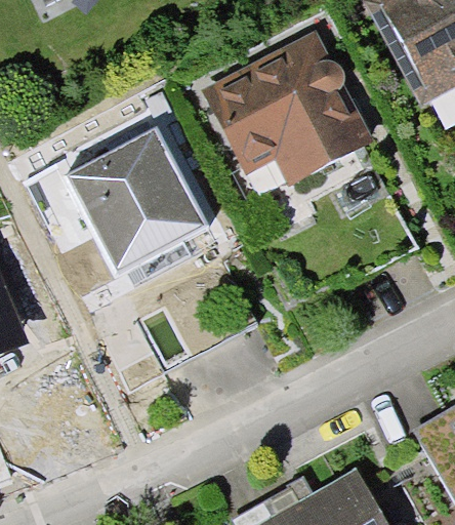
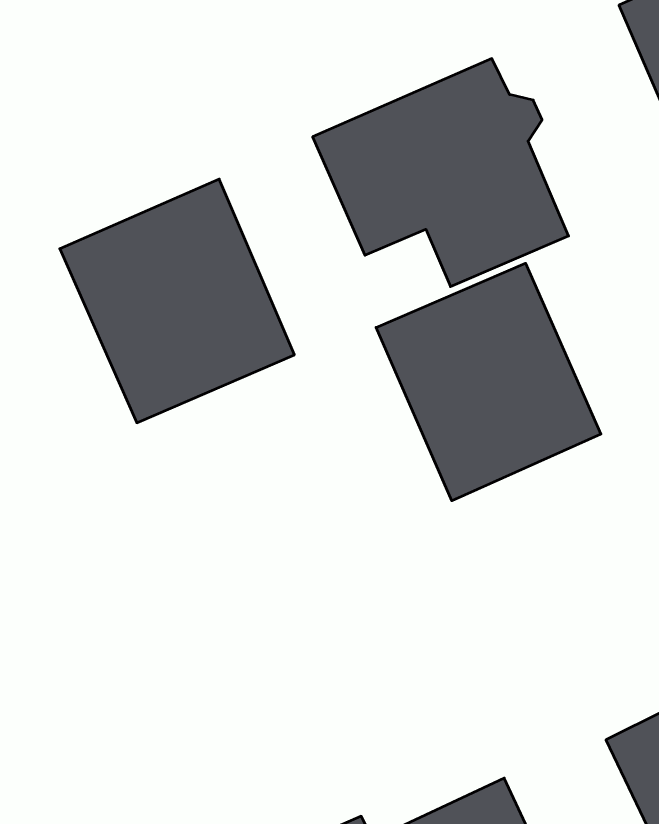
building: none -> [376,263,601,501]

